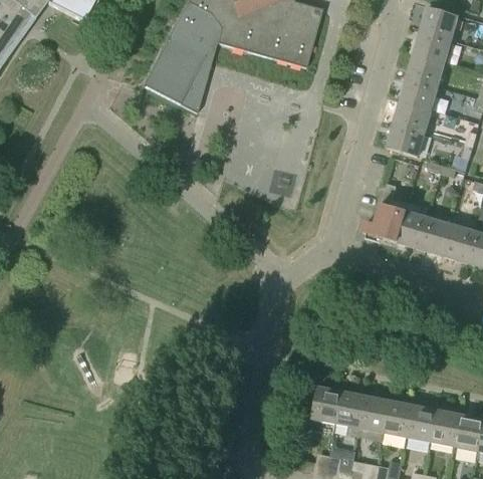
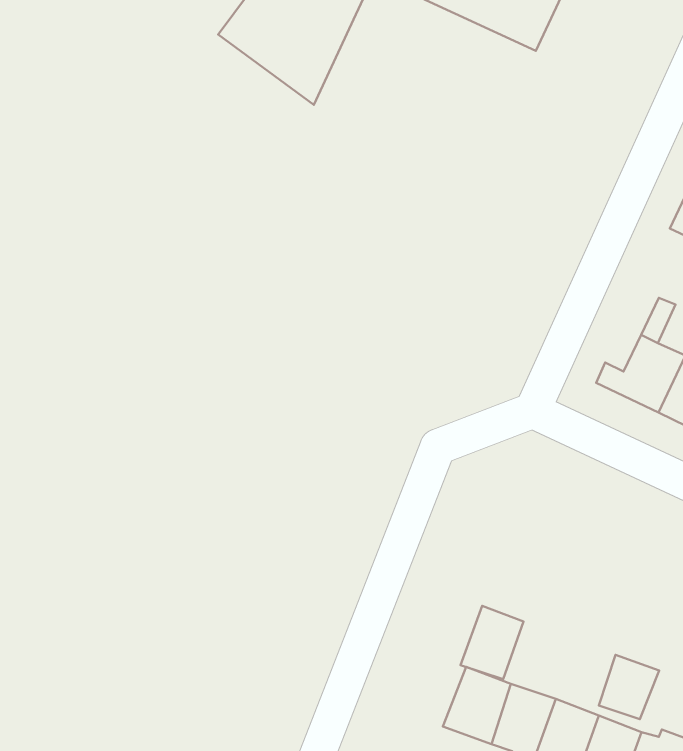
building: none -> [461,606,524,679]
building: none -> [599,655,659,719]

